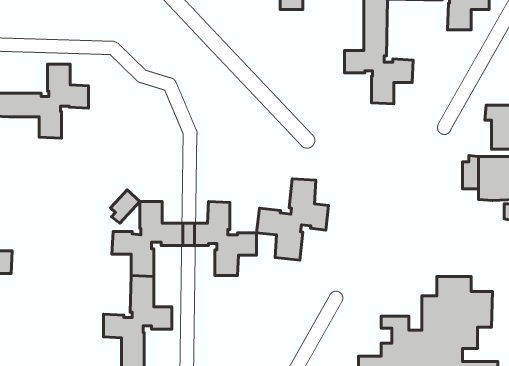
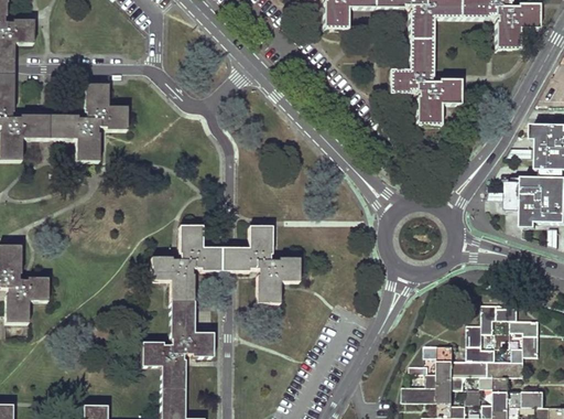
building: [257,179,328,260] -> none
building: [111,190,140,223] -> none

